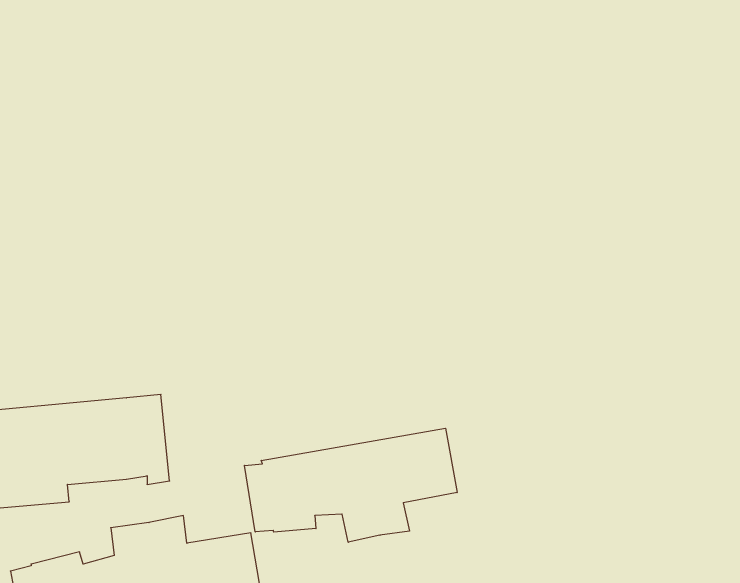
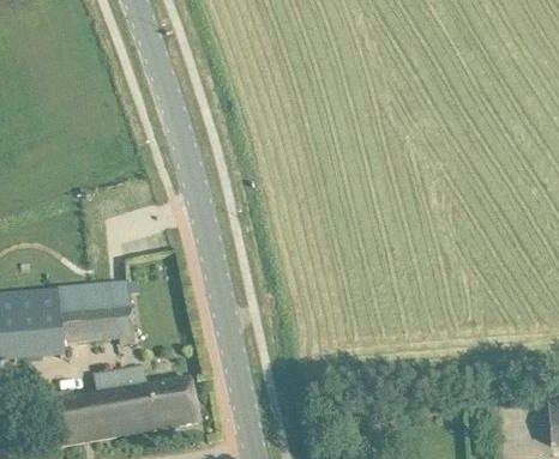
building: [244,428,457,542] -> none

